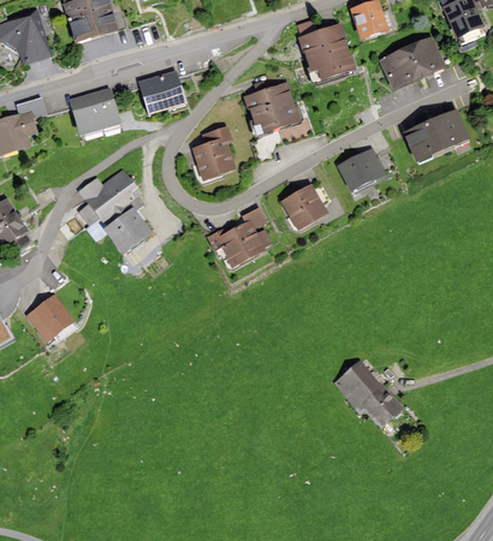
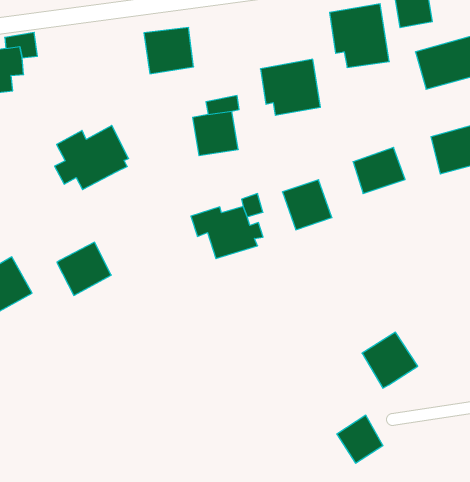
building: [69,87,119,136] -> none
building: [102,206,152,255] -> [57,242,111,295]
building: [333,358,384,409] -> [362,332,418,388]

